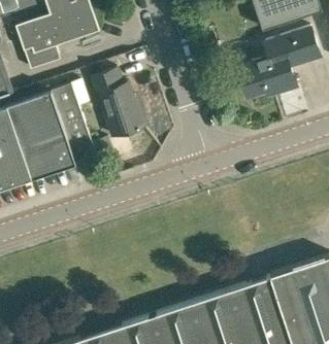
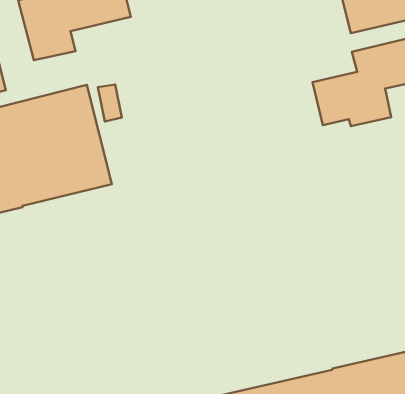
building: [94,69,147,137] -> none

